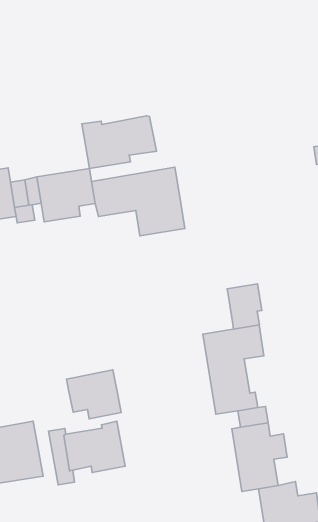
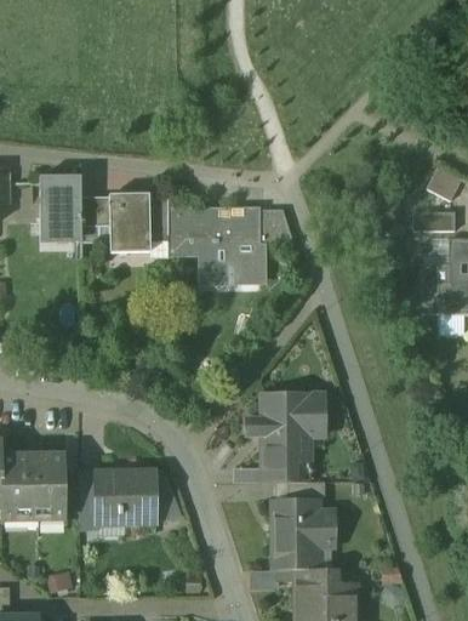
building: [82,116,157,168] -> none
building: none -> [261,210,295,243]
building: [227,284,262,329] -> none
building: [67,370,121,419] -> none

